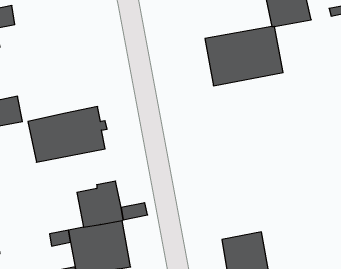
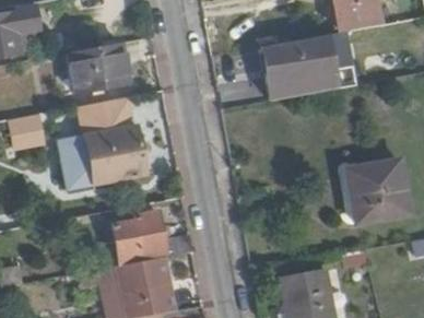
building: none -> [64,42,129,92]
building: none -> [92,94,136,131]
building: none -> [345,158,410,221]

